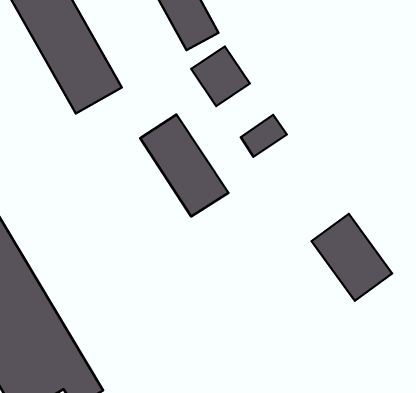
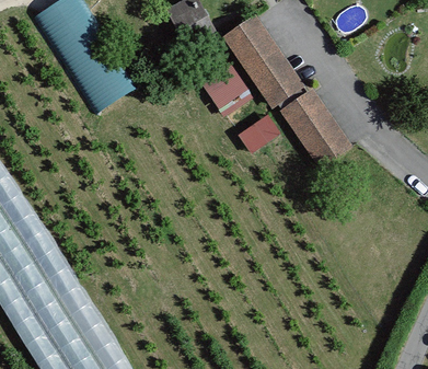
building: [140,115,229,216] -> [229,21,306,111]
building: [311,214,392,301] -> [281,93,352,170]

